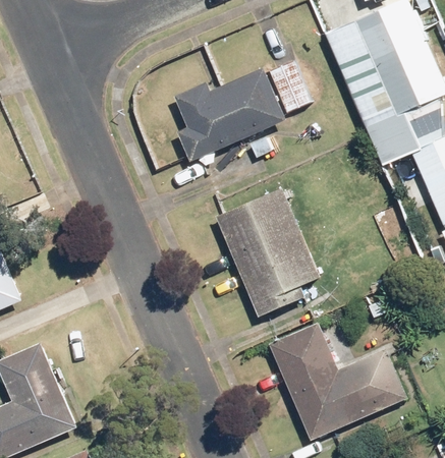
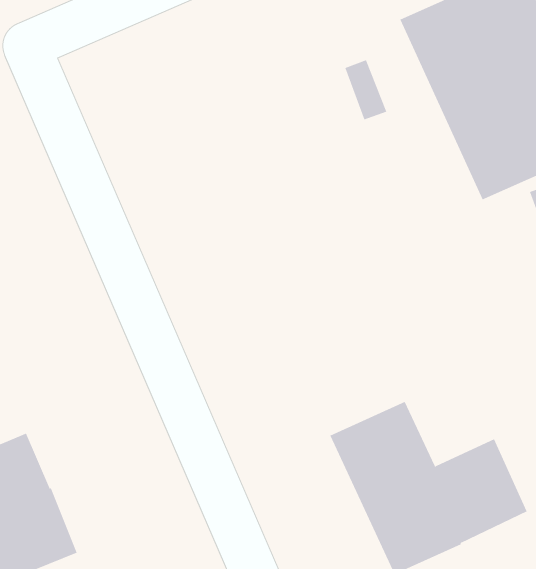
building: [168,71,284,158] -> none
building: [217,189,323,316] -> none

